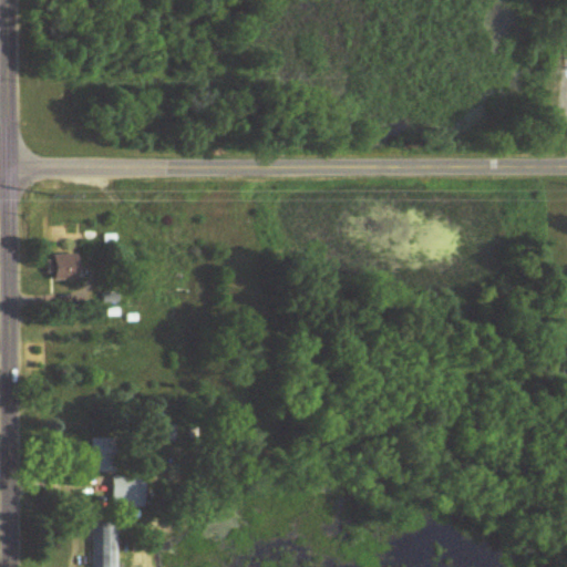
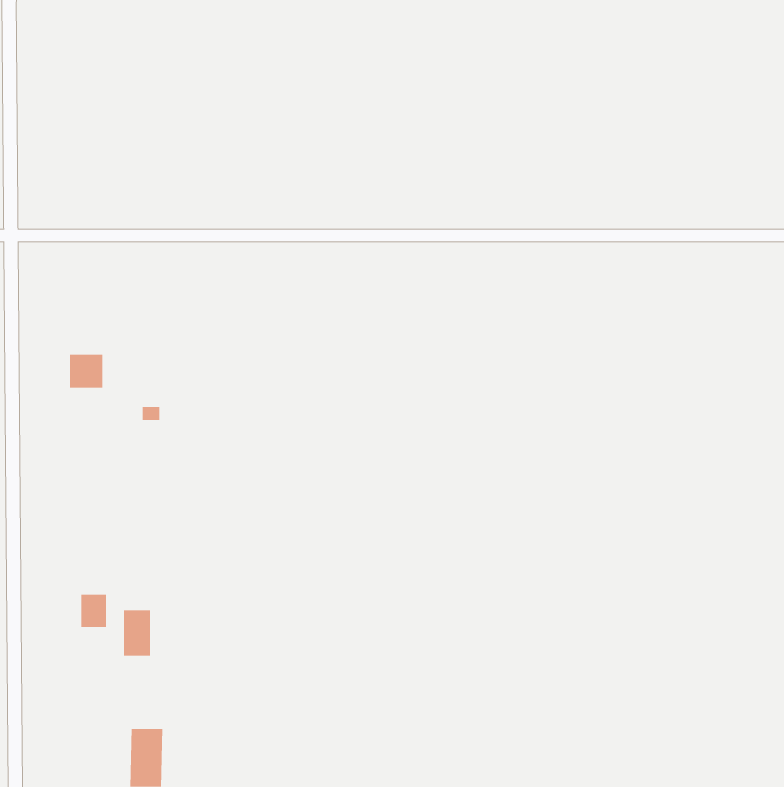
building: none -> [81,594,107,628]
building: [114,476,146,505] -> none

